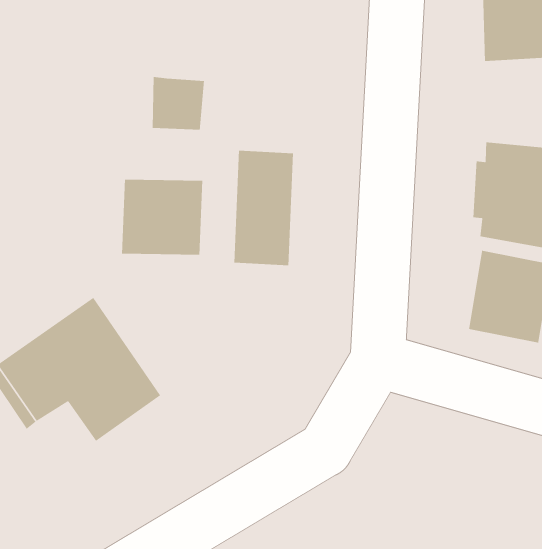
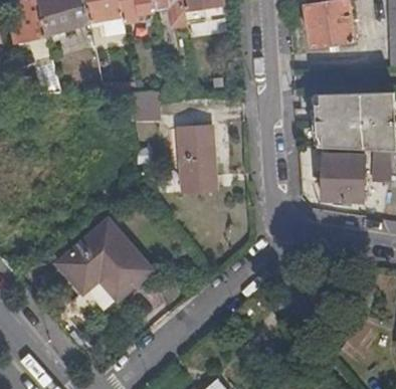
building: [121,179,203,255] -> none

